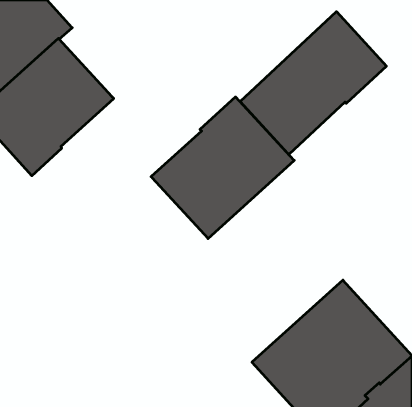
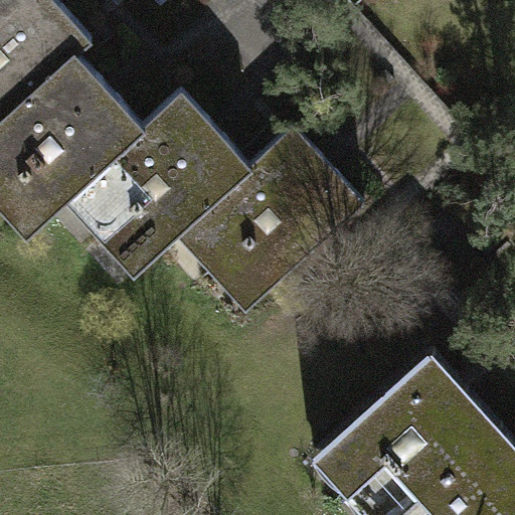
building: [240,12,386,155] -> none
building: none -> [75,96,249,270]

